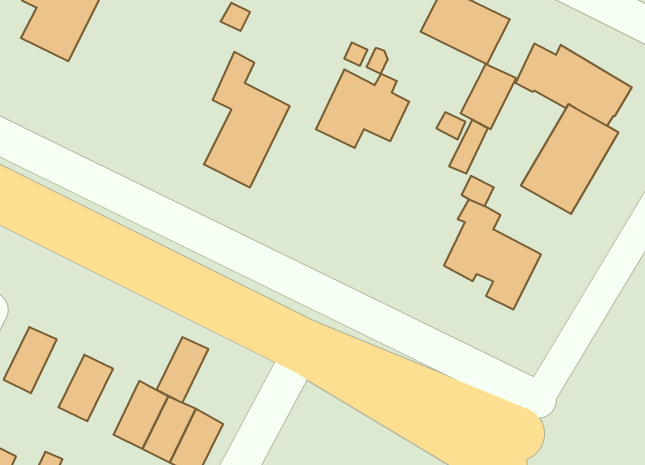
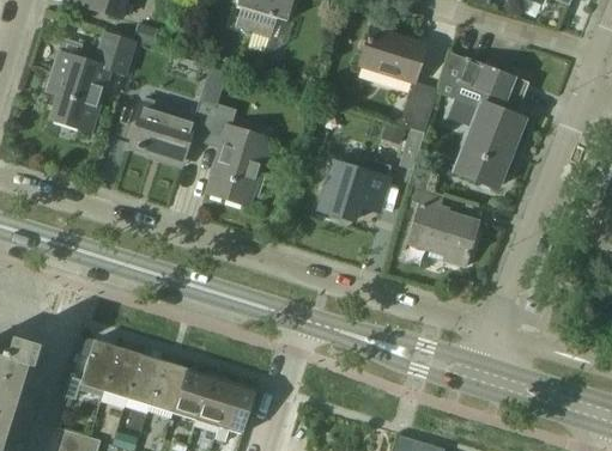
building: none -> [131,99,218,160]
building: [316,69,409,148] -> [319,160,387,220]
building: [157,337,208,403] -> [151,361,186,412]
building: none -> [104,346,140,397]

